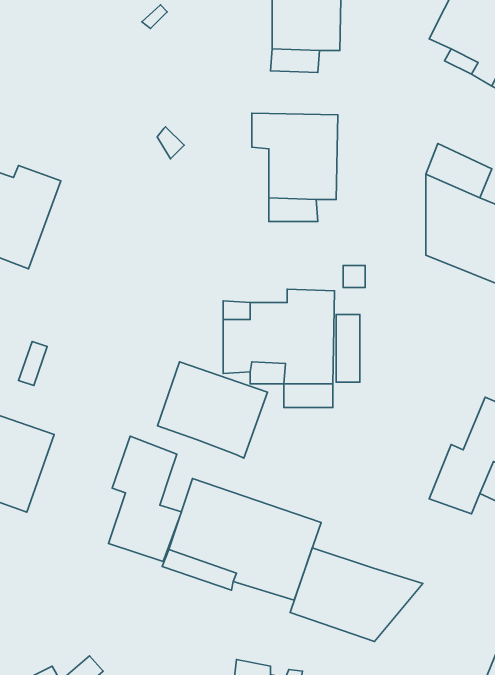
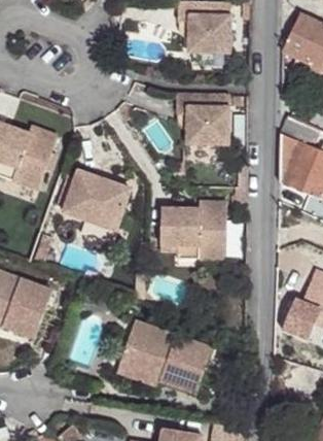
building: [158,362,267,458] -> [62,168,129,227]
building: [109,436,182,562] -> none
building: [290,548,423,641] -> none

